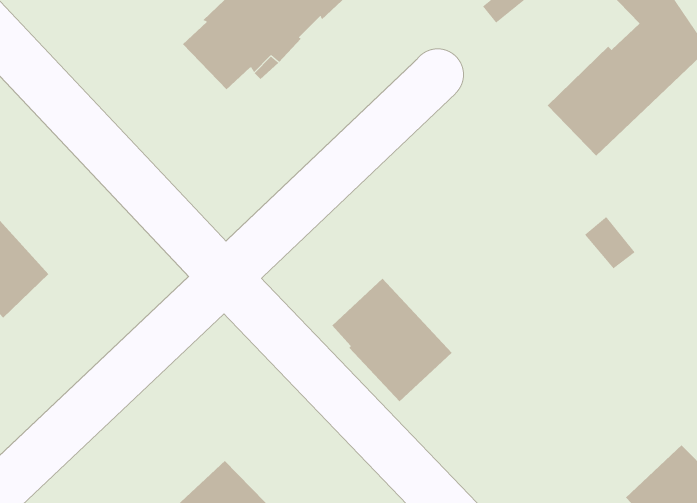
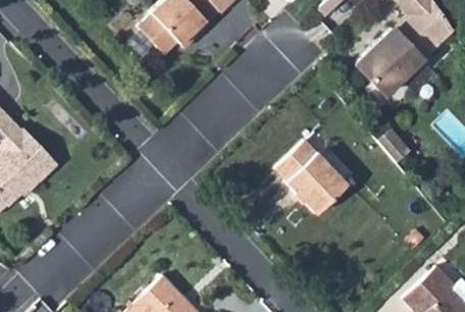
building: [331,278,452,402] -> [275,141,348,215]

